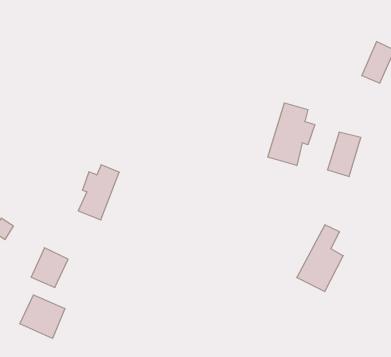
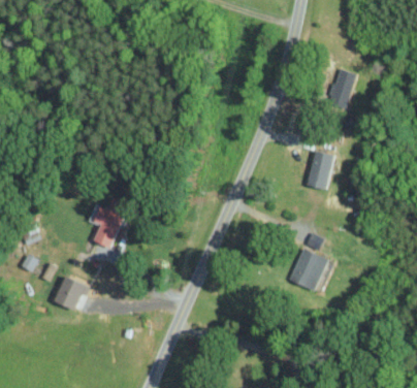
building: [268,103,315,166] -> none
building: [20,295,65,338] -> none

